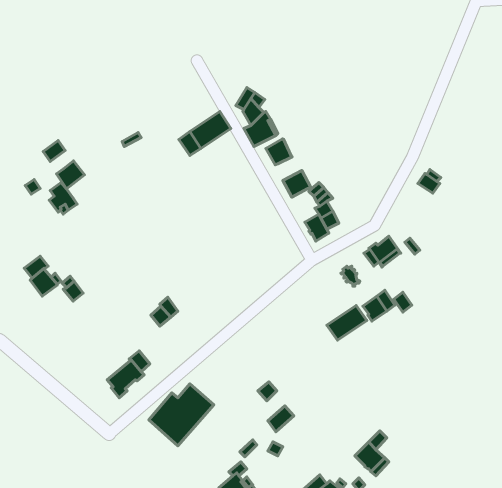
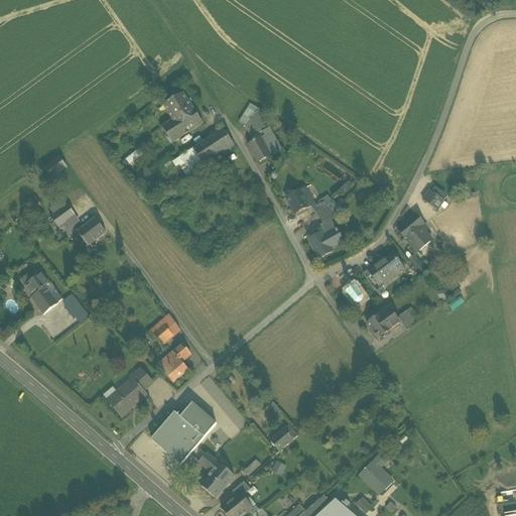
building: none -> [161,91,203,141]
building: [266,139,292,165] -> none
building: [56,161,84,189] -> [78,217,106,245]
building: none -> [397,213,432,251]
building: [327,305,367,340] -> none
building: none -> [158,343,190,381]
building: none -> [201,454,235,497]

